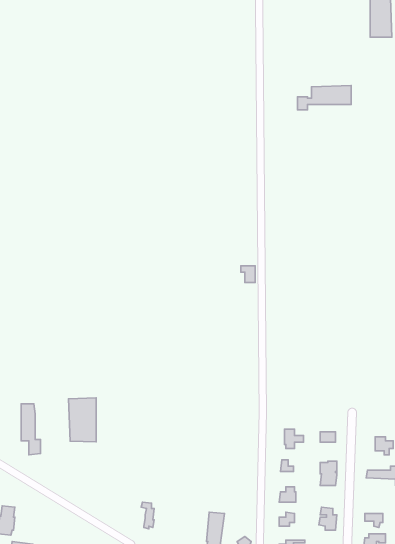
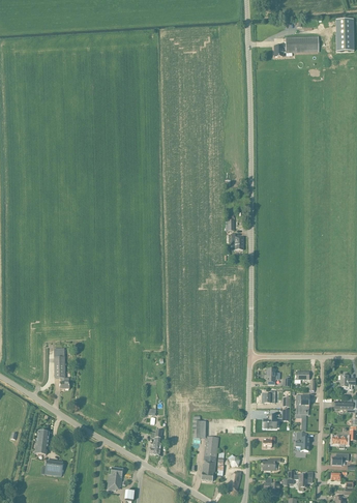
building: [297,85,351,110] -> [273,36,317,56]
building: [69,398,96,442] -> none

